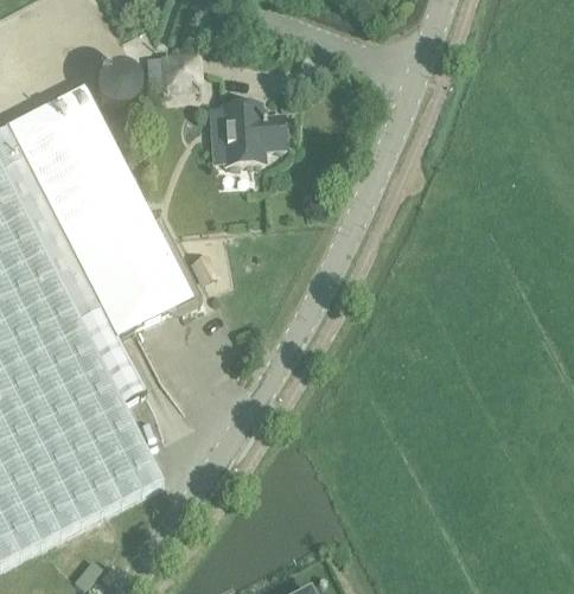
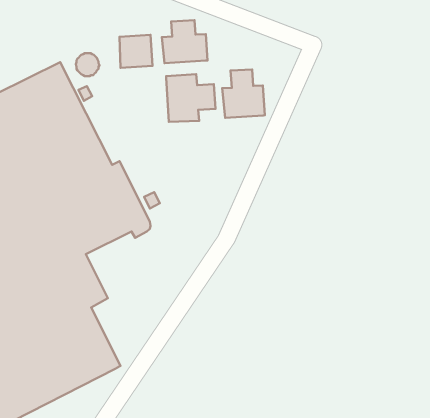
building: none -> [162,20,207,63]
building: none -> [222,69,265,118]

